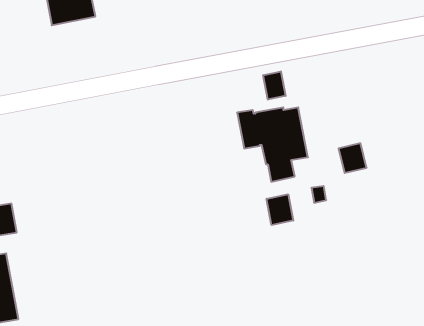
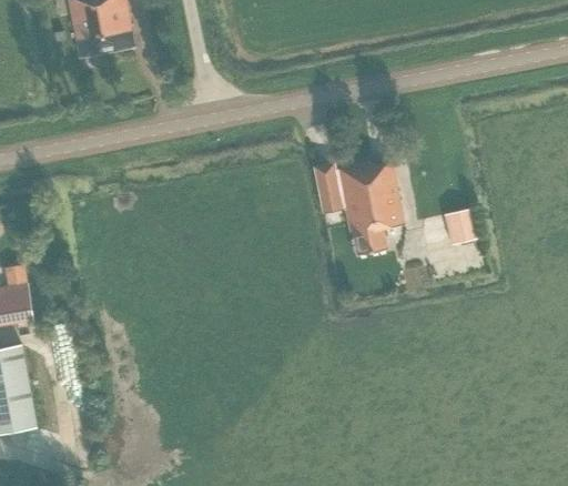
building: [263,71,286,100] -> none
building: [267,194,293,225] -> none

